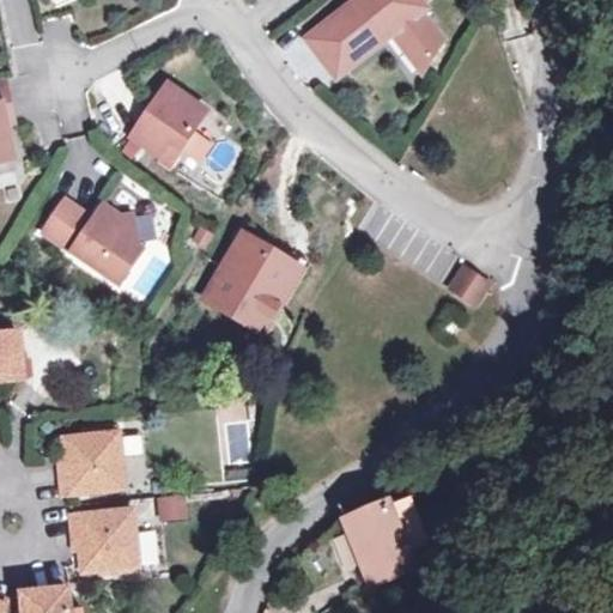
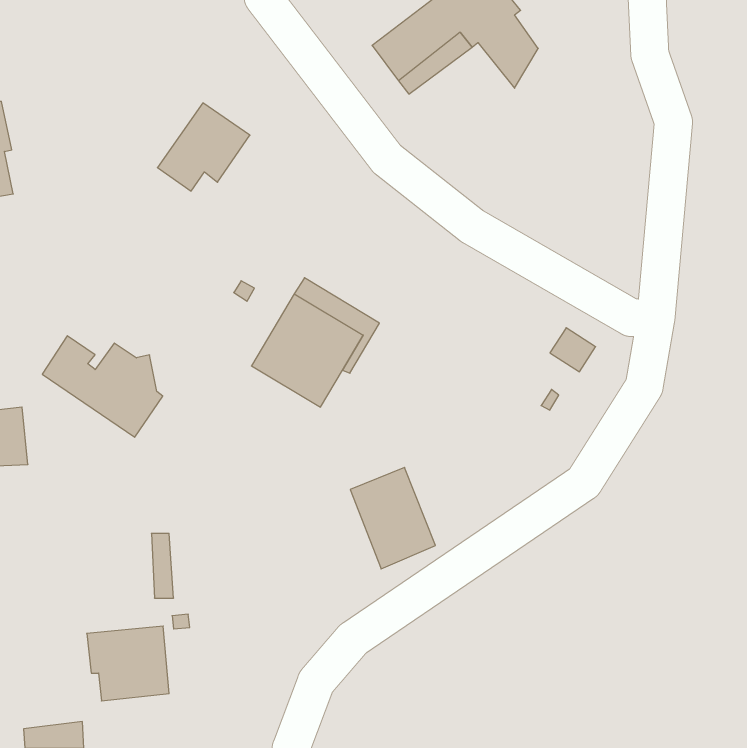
building: [41,200,139,283] -> [42,336,163,437]
building: [59,431,123,491] -> none
building: [344,500,413,583] -> [350,467,435,569]

